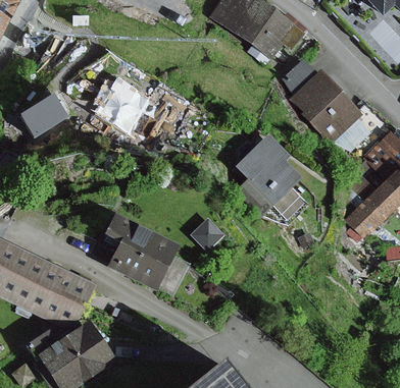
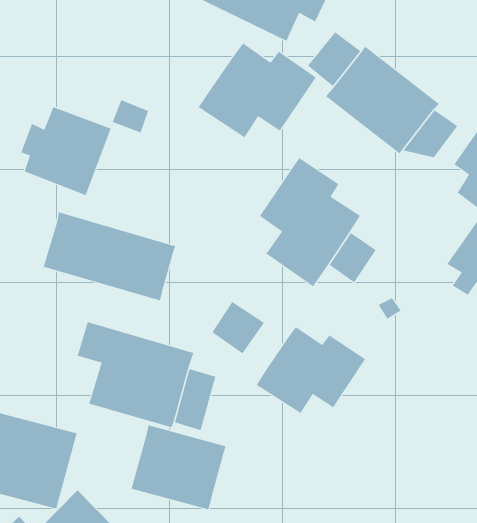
building: none -> [198,43,317,138]
building: none -> [43,212,176,301]
building: none -> [256,326,366,414]
building: none -> [131,425,226,510]

